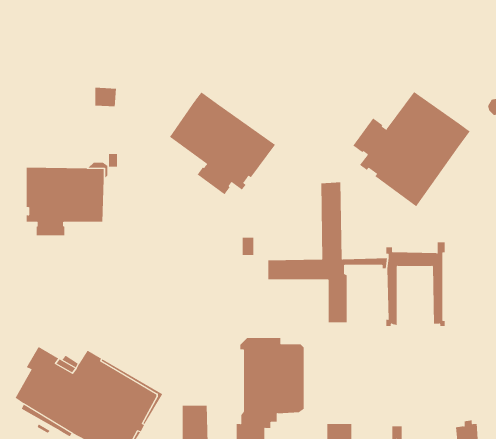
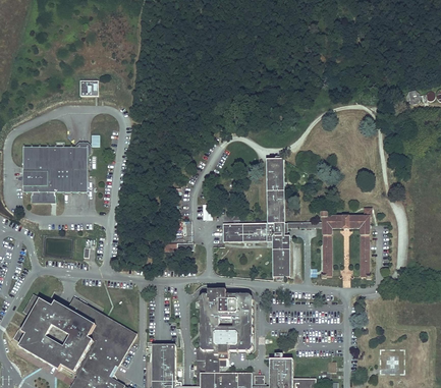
building: [352,91,471,207] -> none
building: [169,91,276,195] -> none

